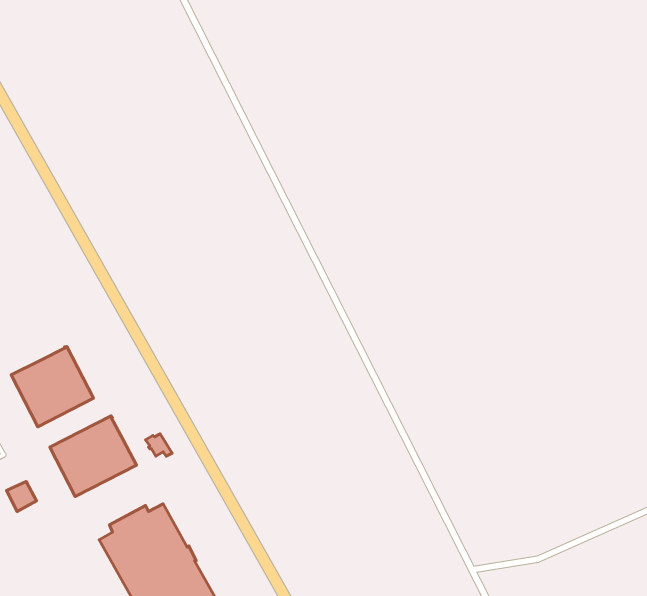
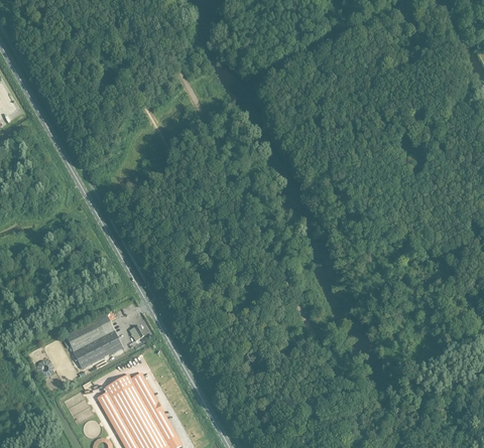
building: [11,346,93,427] -> none

